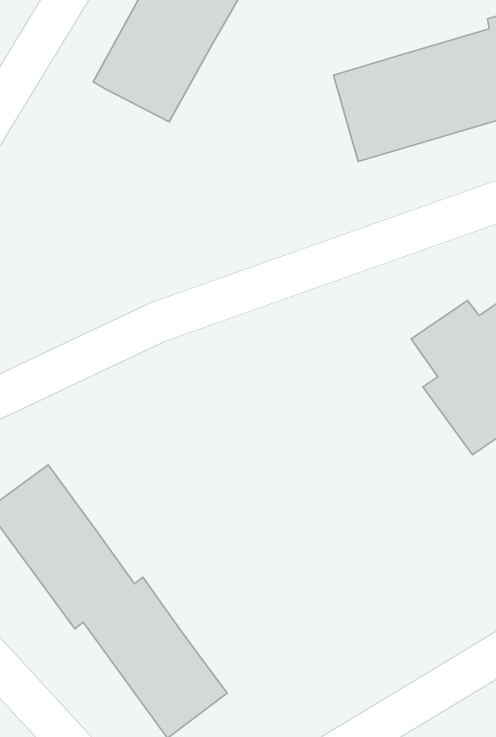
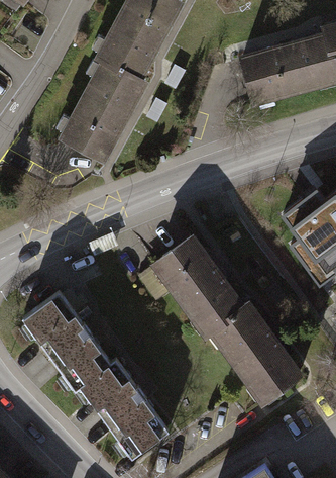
building: none -> [57,65,143,164]
building: none -> [142,240,303,403]

